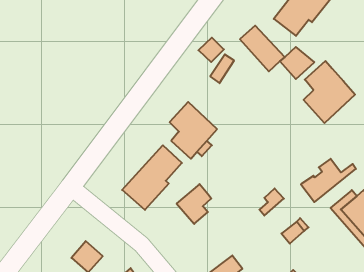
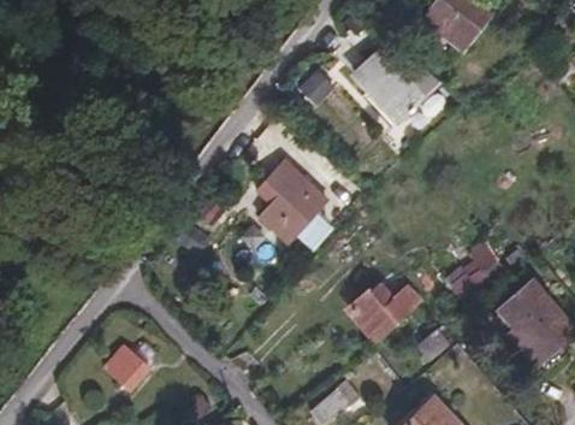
building: [304,61,355,123] -> none
building: [122,145,182,210] -> none
building: [177,184,211,224] -> [348,281,397,337]

